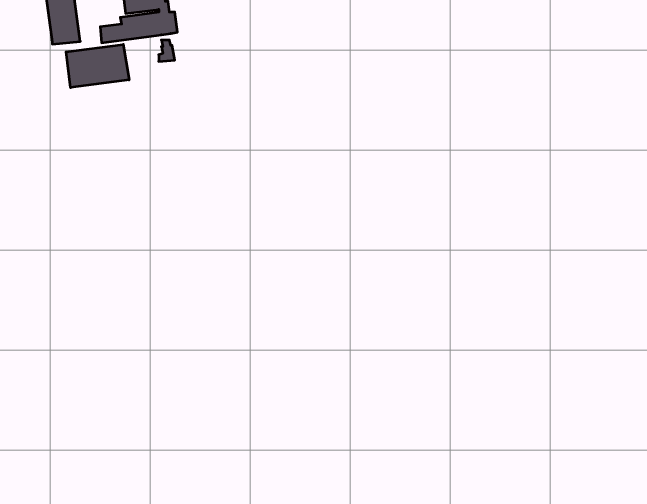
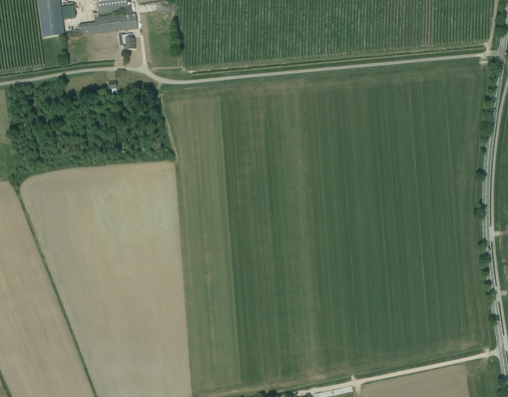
building: [66,44,129,88] -> none

